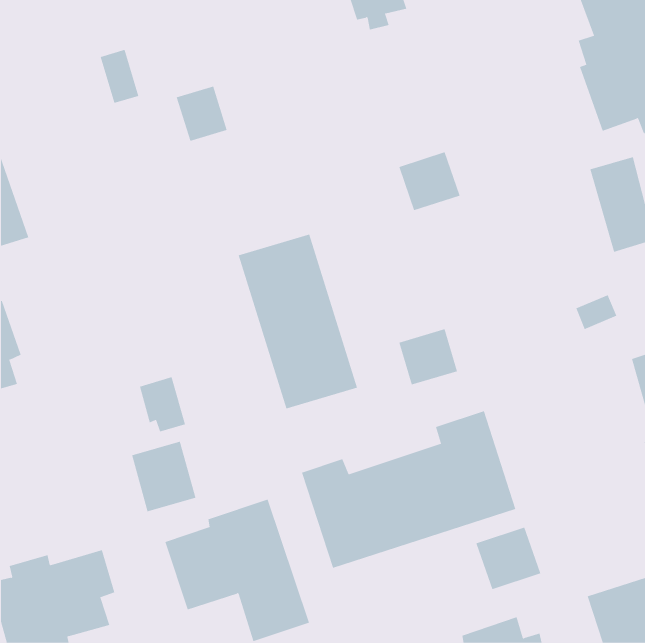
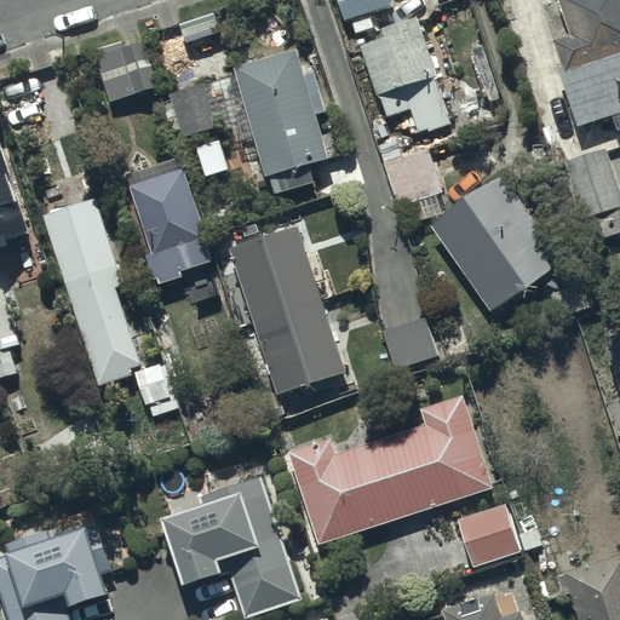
building: none -> [360,15,452,132]
building: none -> [230,50,328,191]
building: none -> [125,157,216,283]
building: none -> [431,173,564,311]
building: none -> [41,197,139,386]
building: [132,441,196,512] -> none

